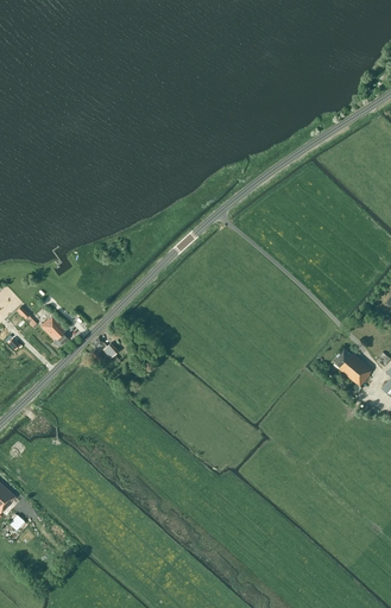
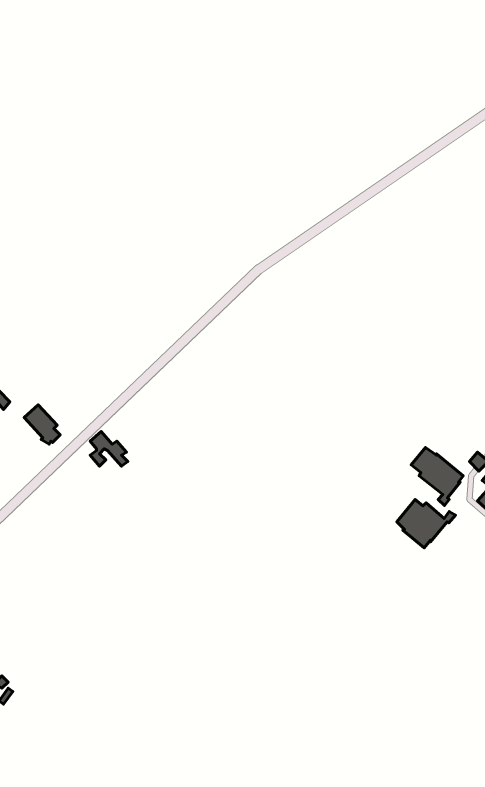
building: none -> [397,500,455,548]

